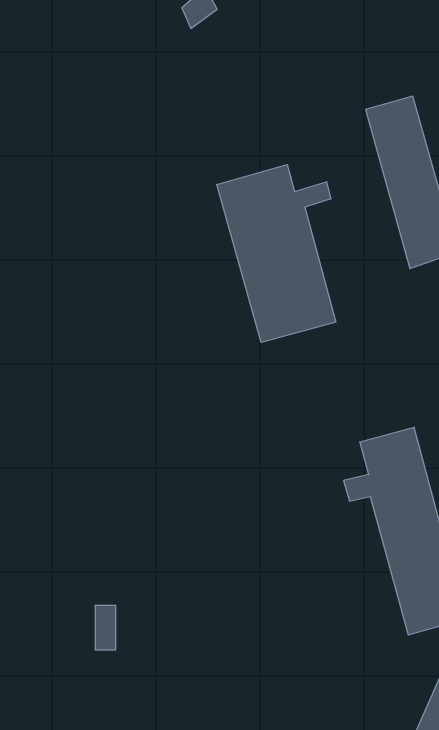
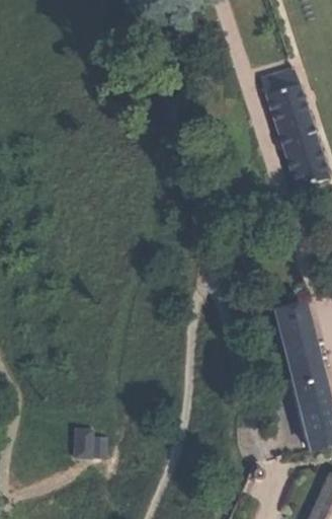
building: [217,165,336,342] -> none

